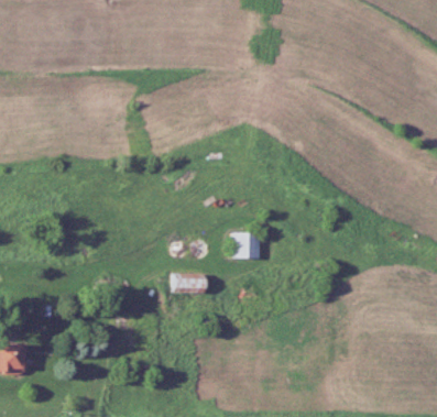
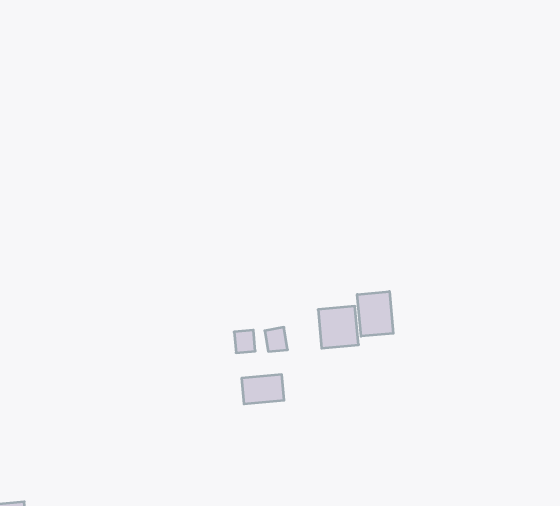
building: none -> [357,291,393,336]

